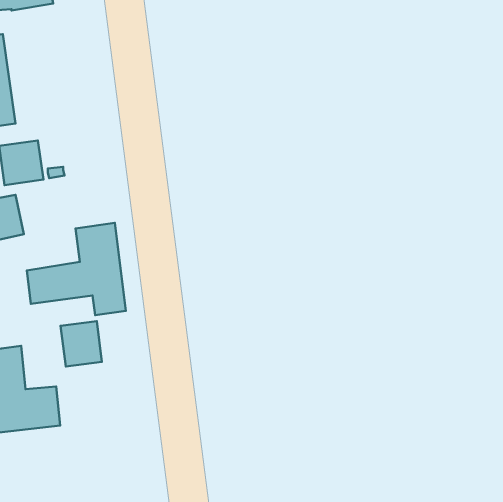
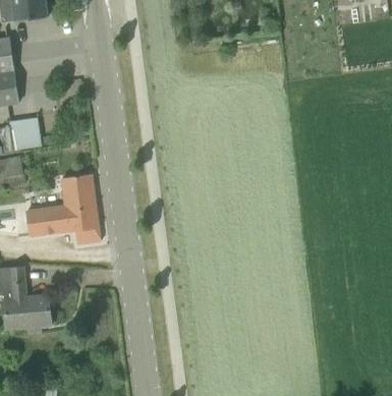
building: [61,321,102,366] -> none

